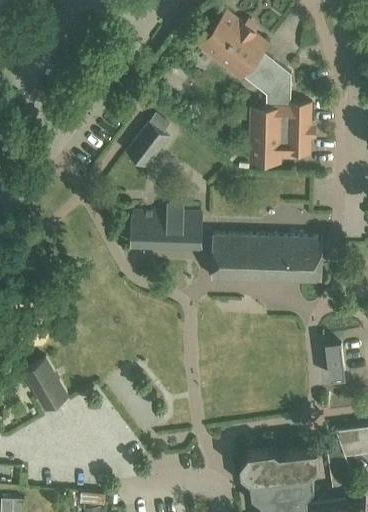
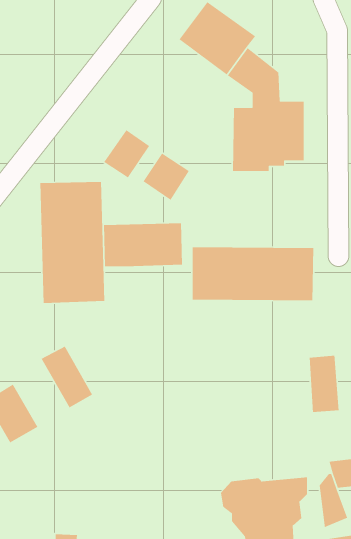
building: none -> [142,153,190,201]
building: none -> [39,181,105,304]
building: none -> [40,346,93,408]

